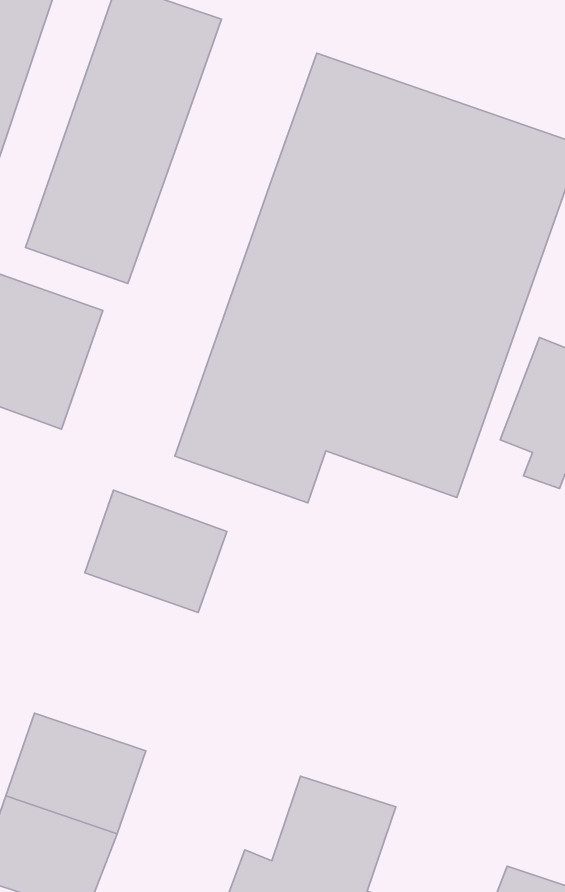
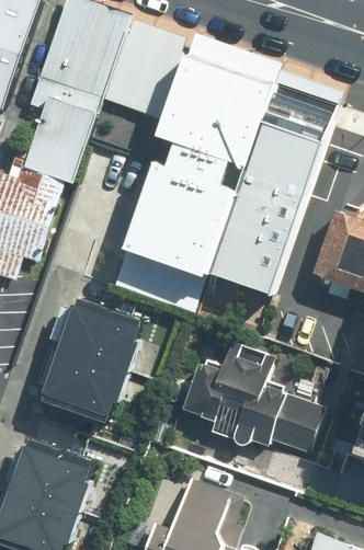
building: none -> [112,15,197,113]
building: none -> [174,346,322,455]
building: none -> [38,353,125,427]

